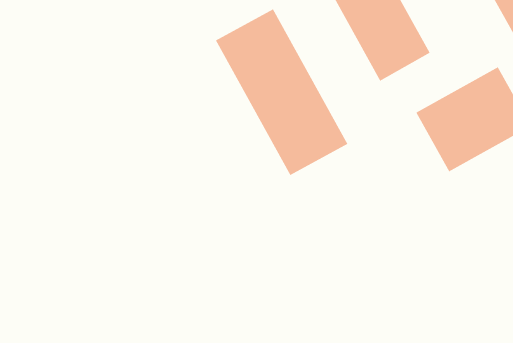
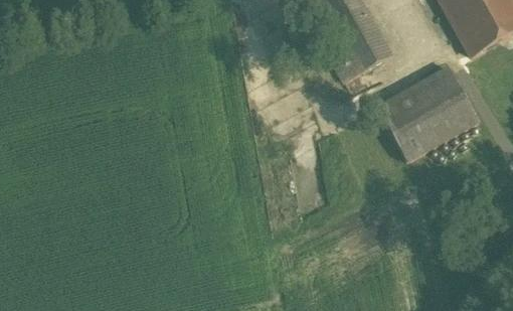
building: [215,8,348,176] -> none

